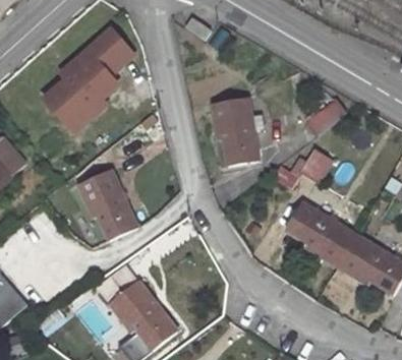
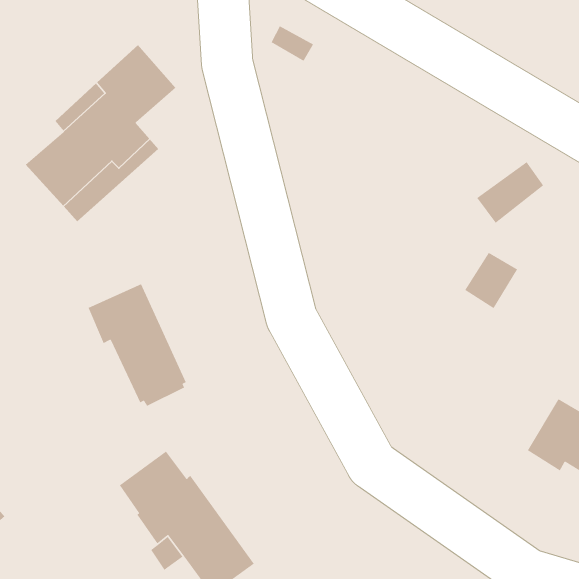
building: [213,96,259,163] -> none
building: [288,203,355,265] -> none

